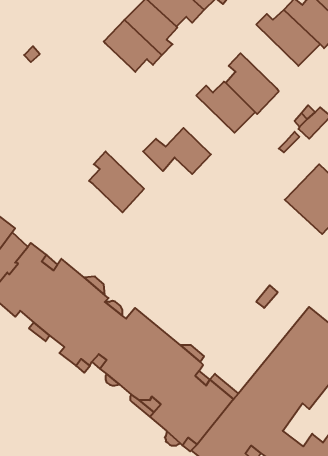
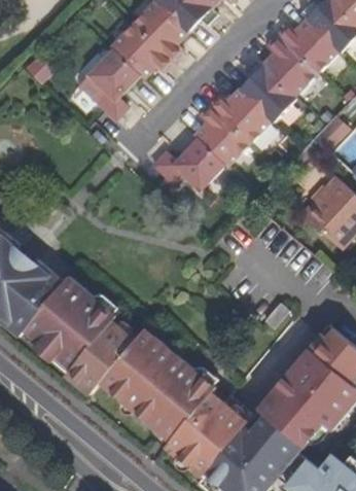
building: none -> [254,30,315,97]
building: none -> [92,49,140,119]
building: [89,151,144,212] -> [190,104,248,168]

